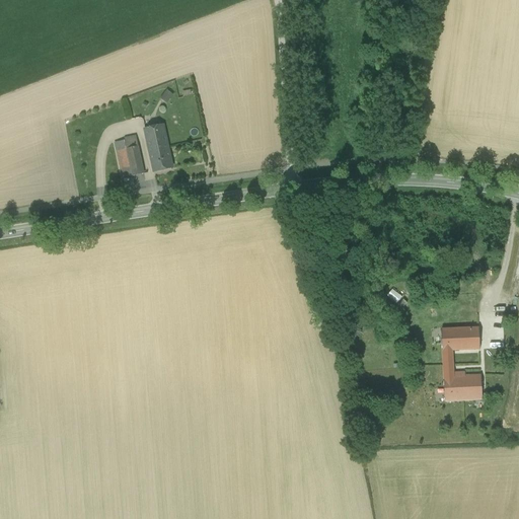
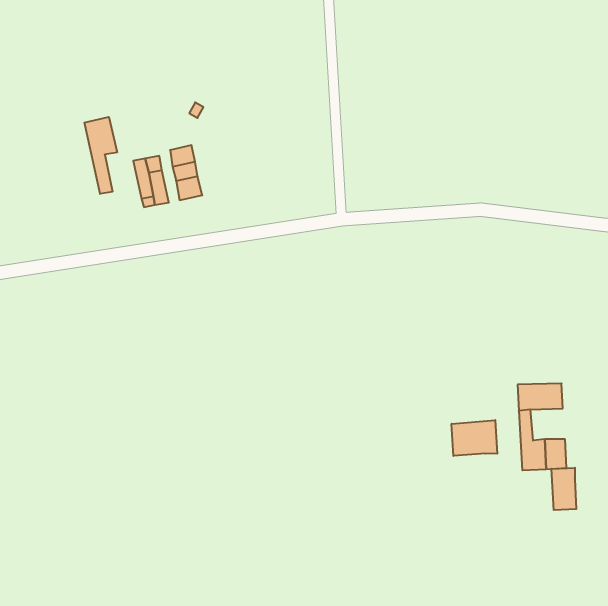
building: none -> [84,117,117,194]
building: none -> [452,420,497,456]
building: none -> [551,468,576,510]

